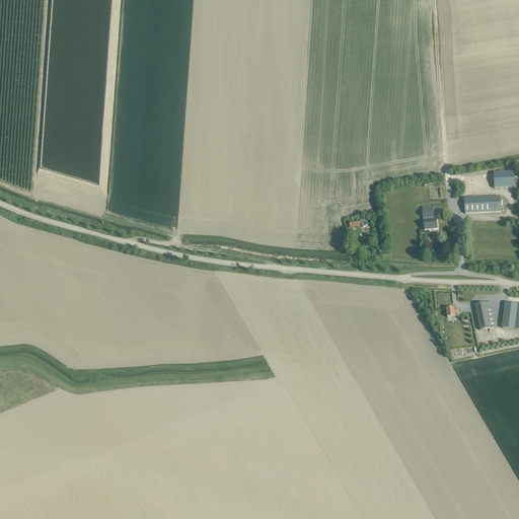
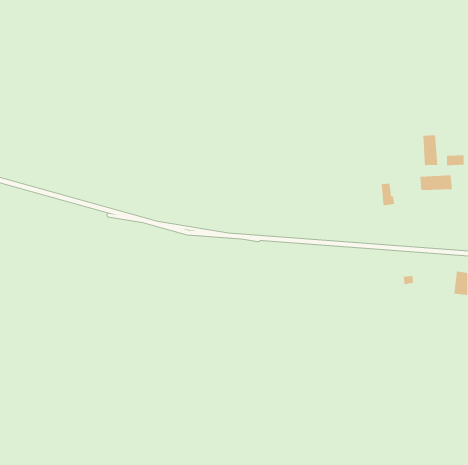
building: none -> [423,135,438,166]
building: [475,299,496,327] -> none

